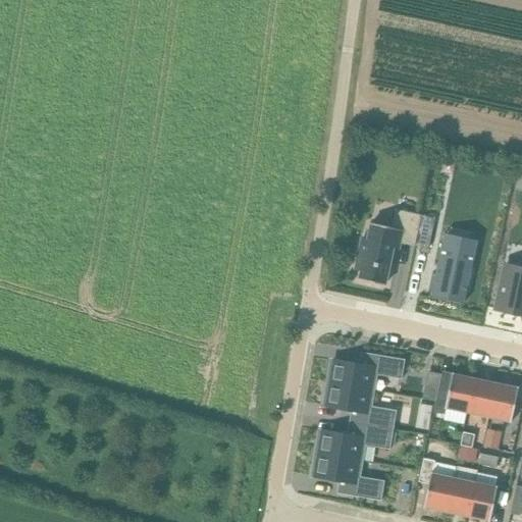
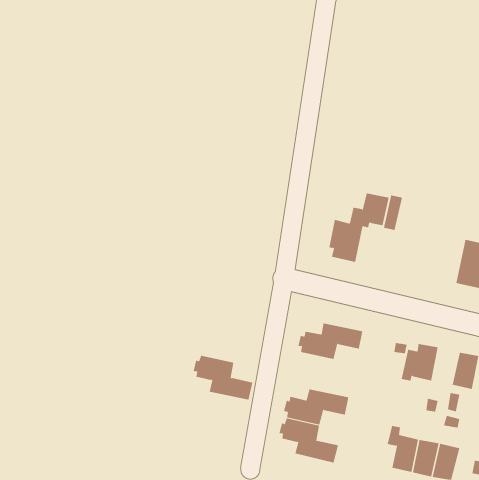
building: [433,238,479,302] -> none
building: [470,376,500,417] -> none
building: [319,381,384,430] -> [193,355,253,400]

